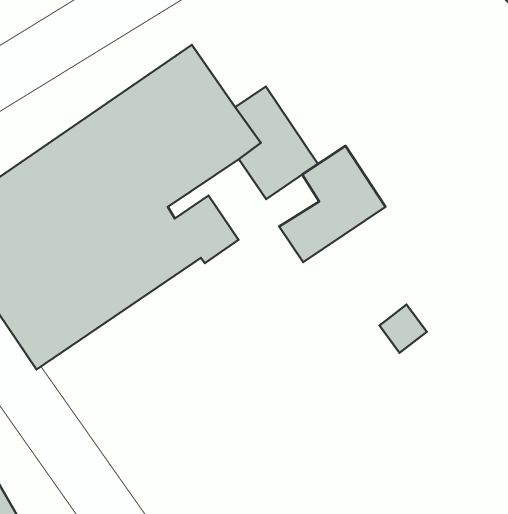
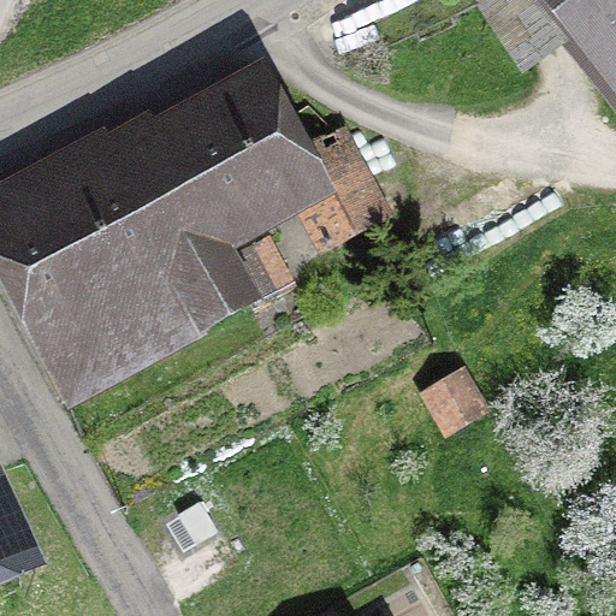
building: [279,146,386,262] -> none

